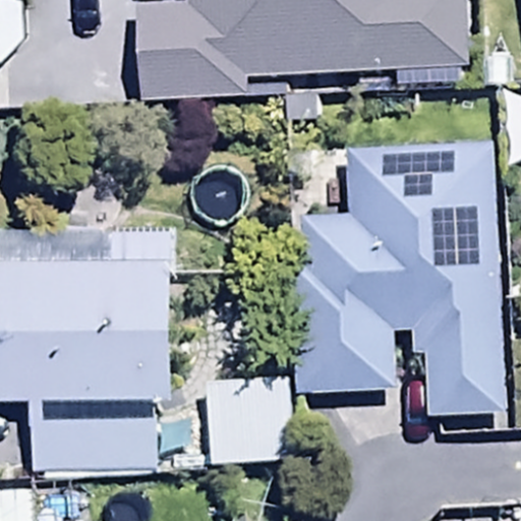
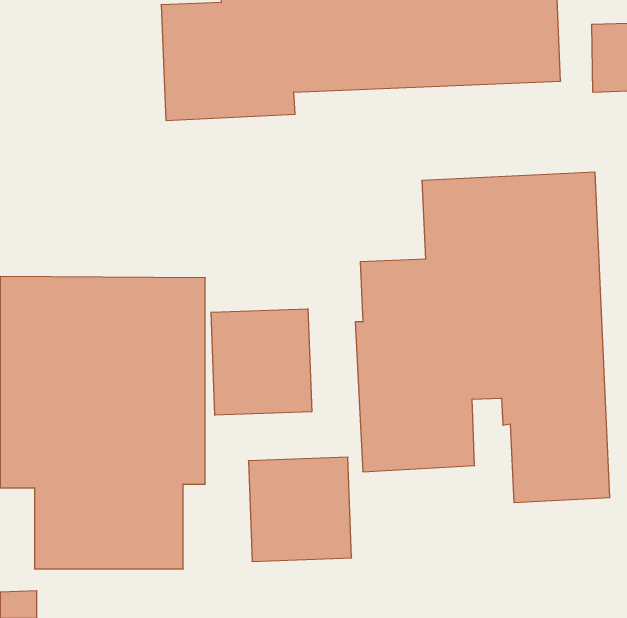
building: none -> [211,309,312,415]

